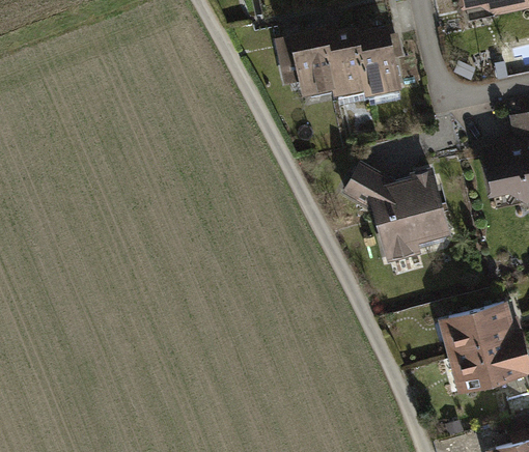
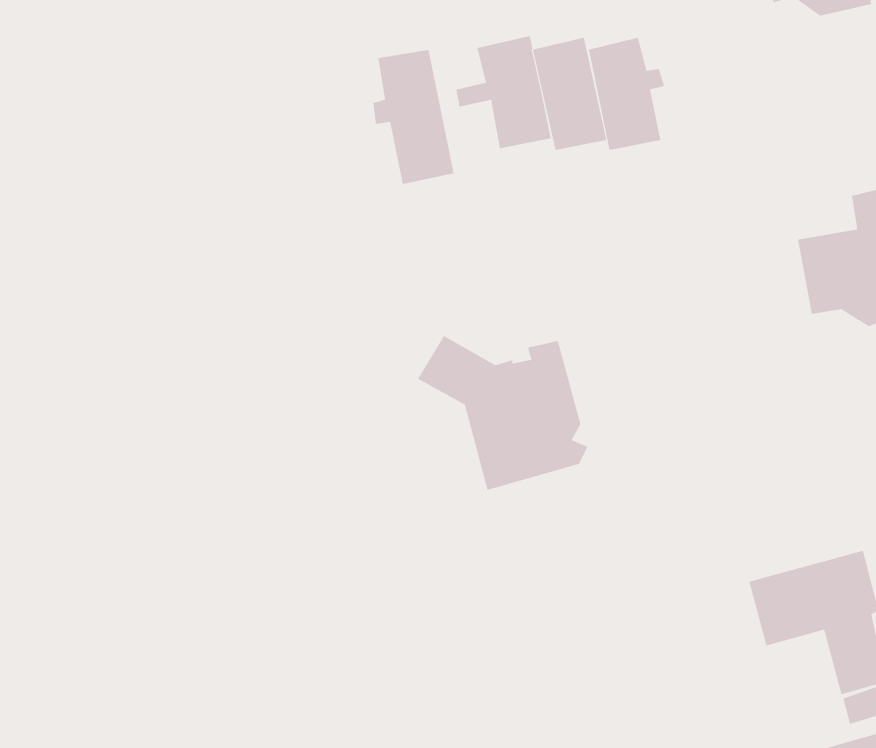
building: none -> [373,49,454,185]
building: [347,167,449,259] -> [417,335,588,490]
building: [443,303,513,350] -> none

